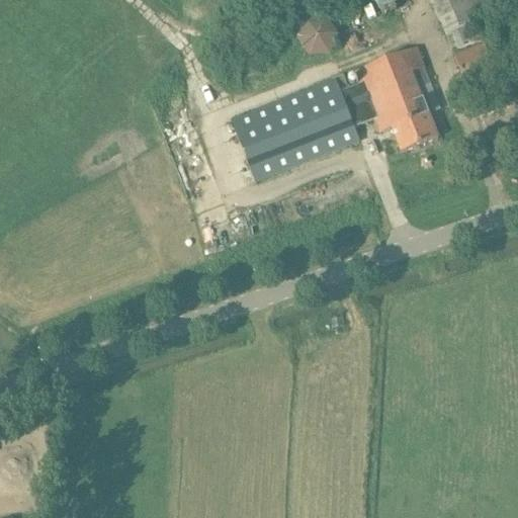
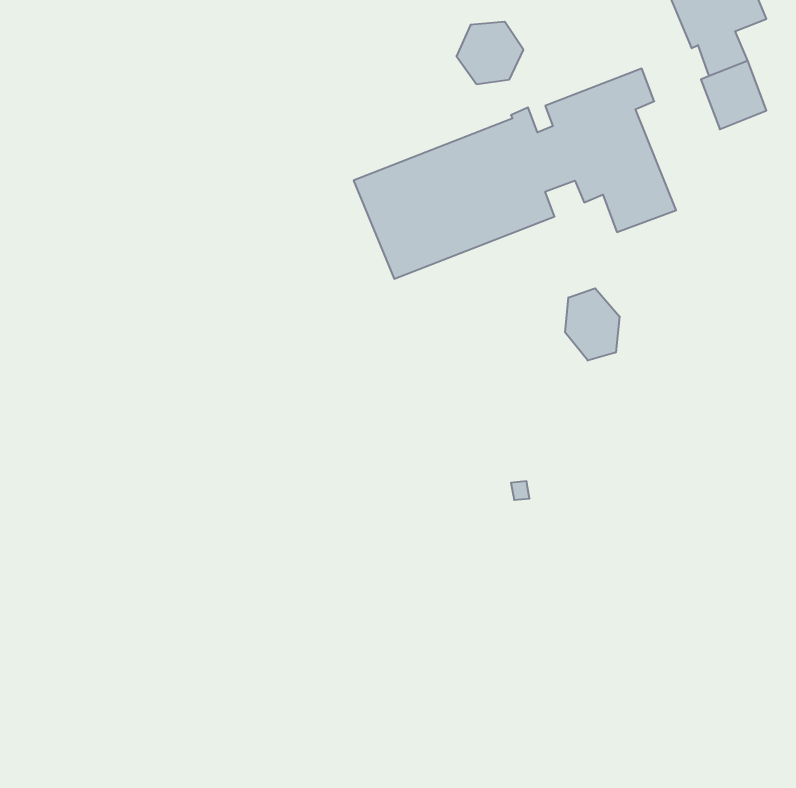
building: none -> [565,288,620,361]

